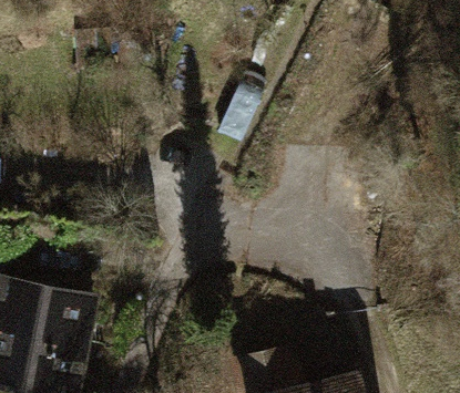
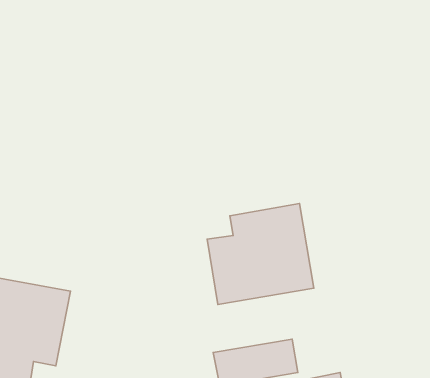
building: none -> [207,204,314,305]

